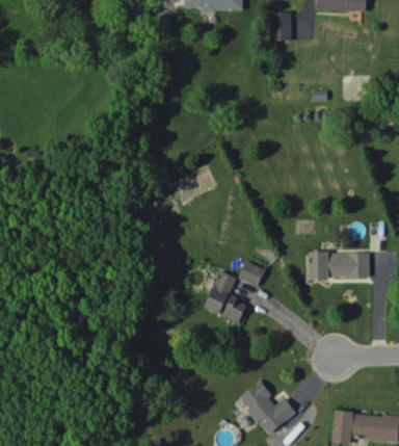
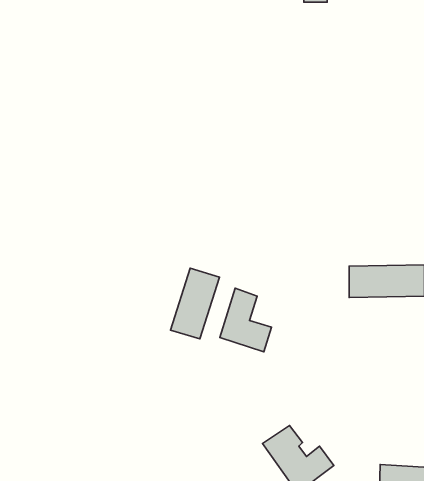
building: none -> [170,268,219,339]
building: [238,261,264,286] -> none

